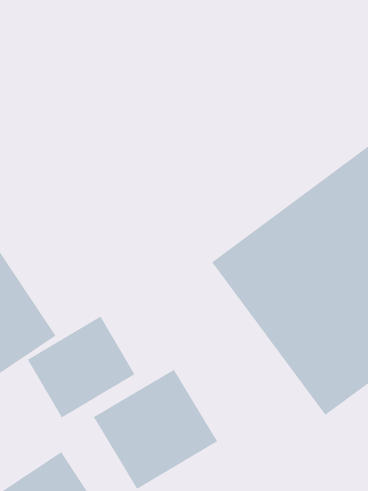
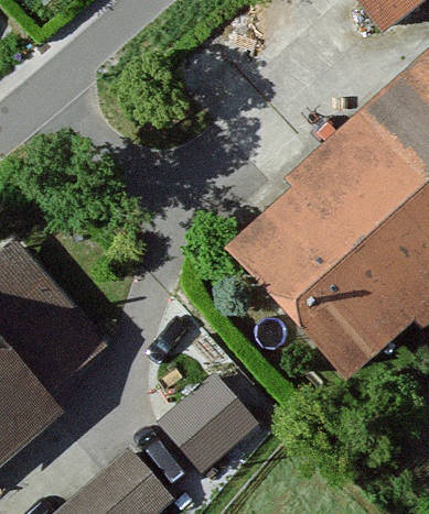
building: [27,315,135,419] -> none

